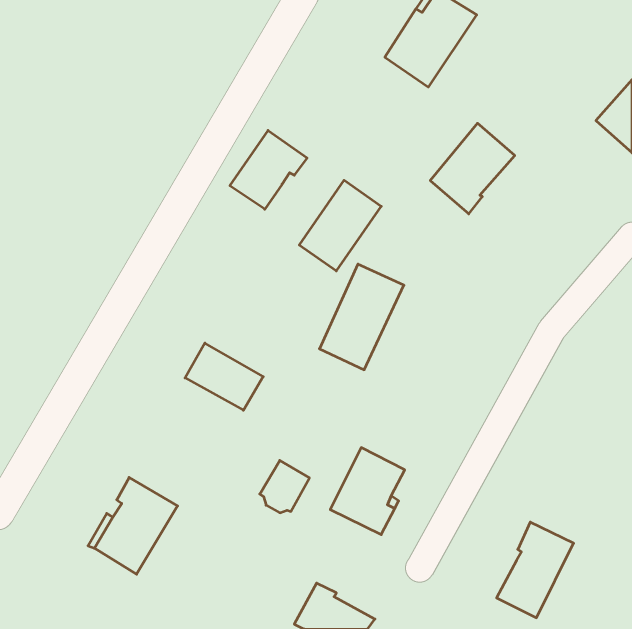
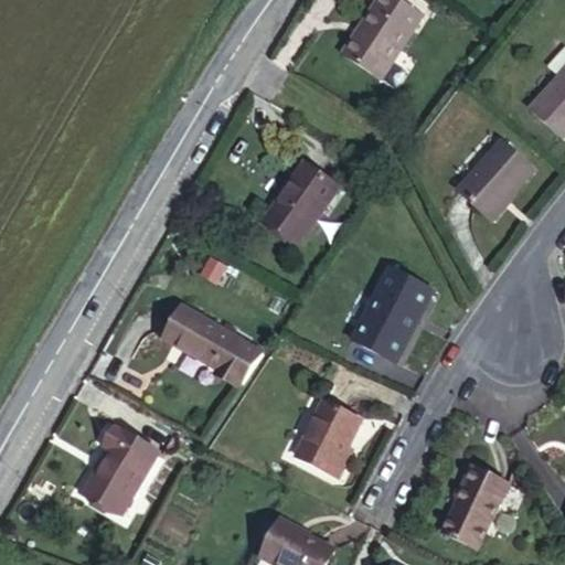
building: [430,123,515,214] -> [459,138,534,218]
building: [230,130,307,209] -> none
building: [319,264,404,370] -> [356,274,431,367]
building: [260,460,309,513] -> [216,334,260,381]

